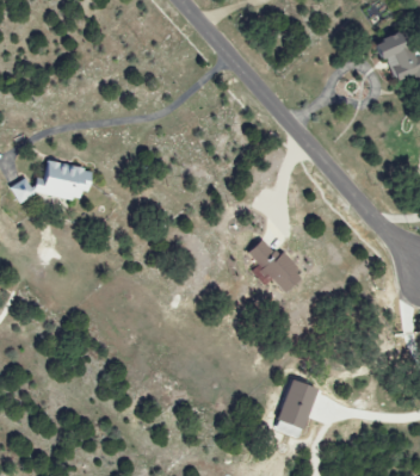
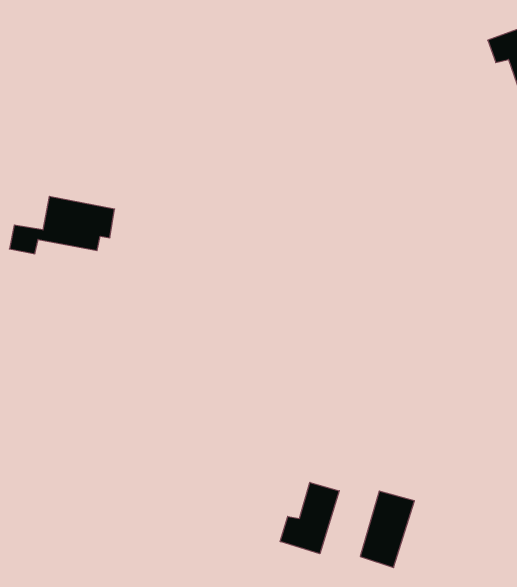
building: [247,236,303,292] -> none
building: none -> [280,482,339,554]

